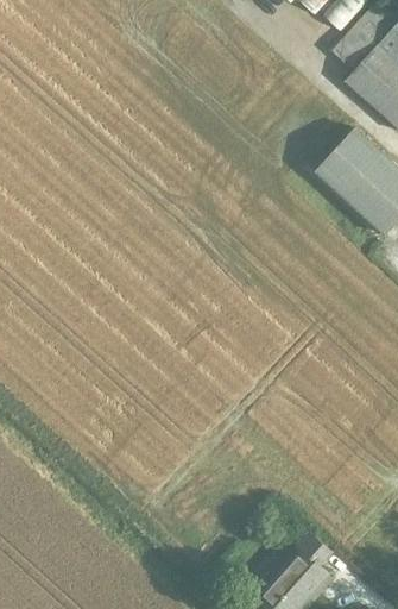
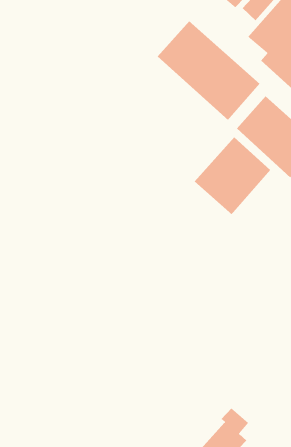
building: none -> [157,21,261,121]
building: none -> [194,137,271,215]

